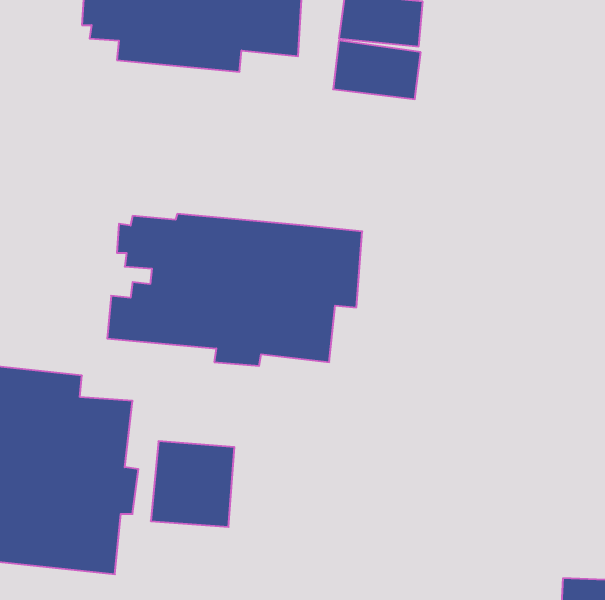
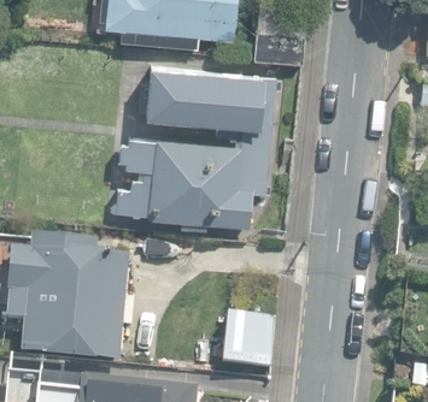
building: none -> [149,65,277,147]
building: [151,441,234,527] -> [222,314,274,367]

